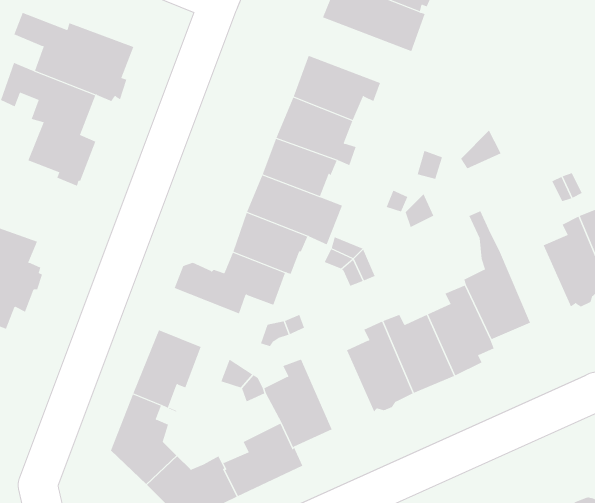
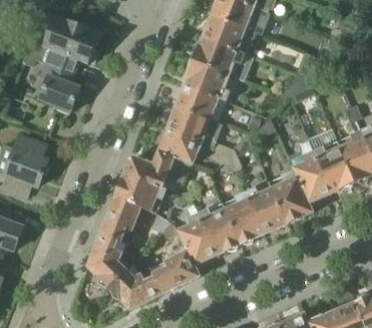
building: none -> [203,14,256,53]
building: none -> [314,145,355,192]
building: none -> [115,172,166,210]
building: none -> [199,208,241,254]

